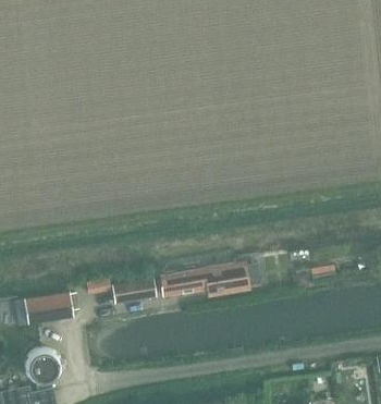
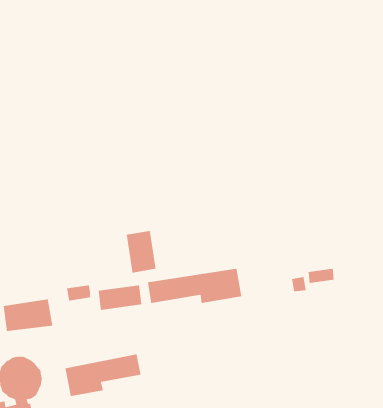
building: none -> [126,230,156,273]
building: none -> [65,353,141,397]

